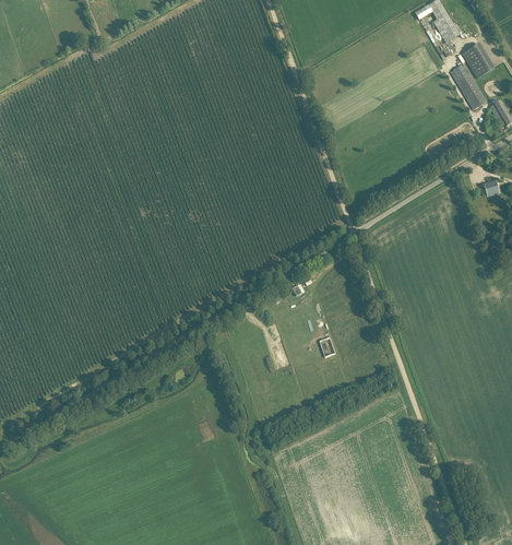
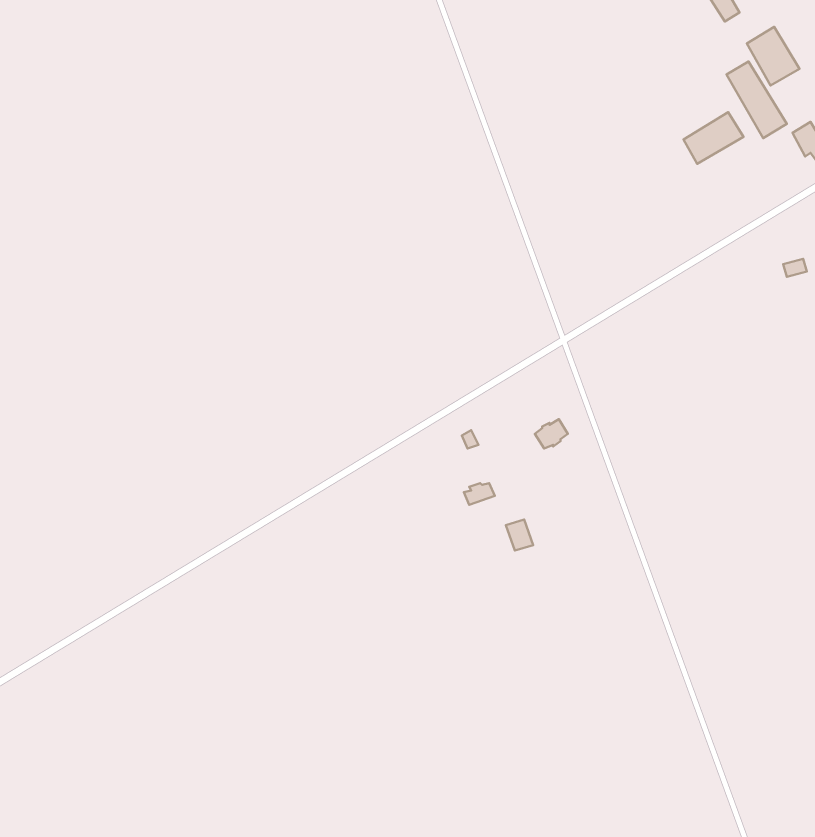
building: none -> [683,112,744,164]

